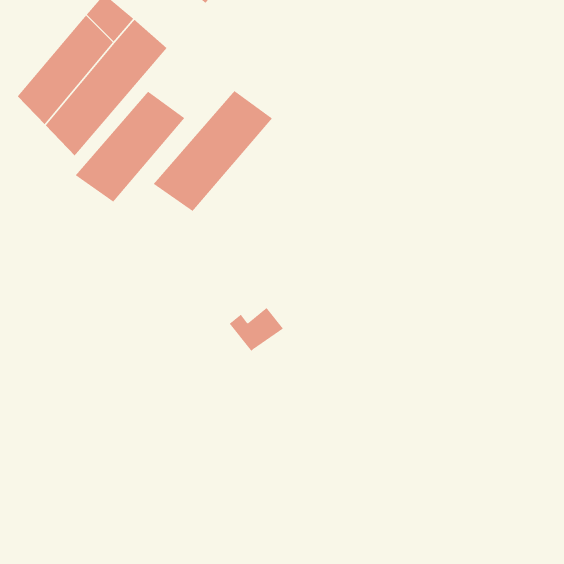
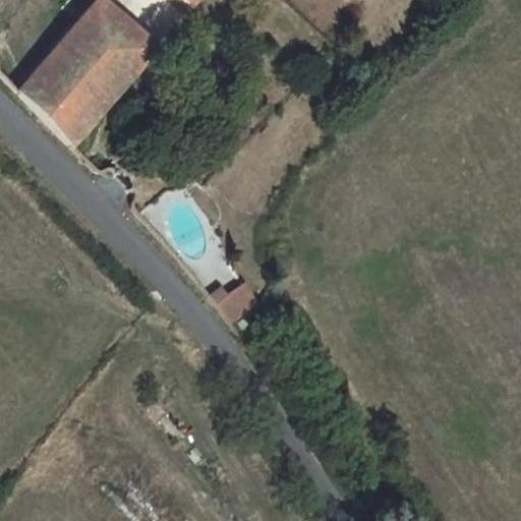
building: [153,90,273,212] -> none
building: [75,91,185,203] -> none

